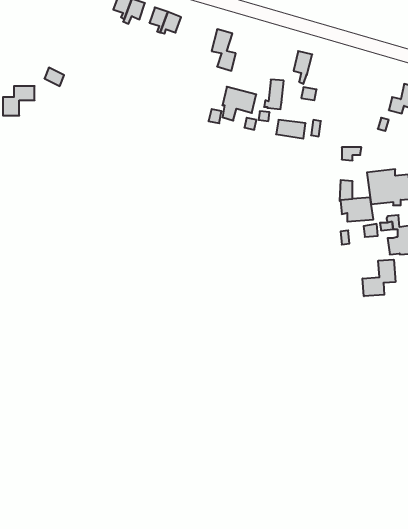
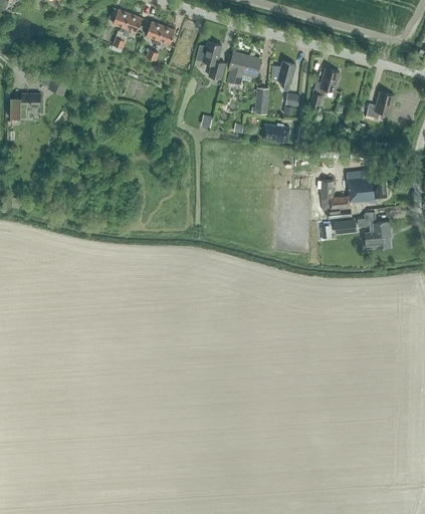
building: none -> [308,68,338,106]
building: [222,87,256,121] -> [228,52,259,83]
building: [363,260,395,296] -> none

